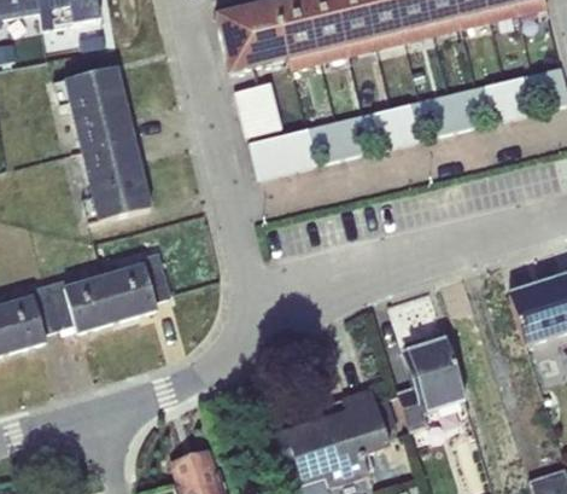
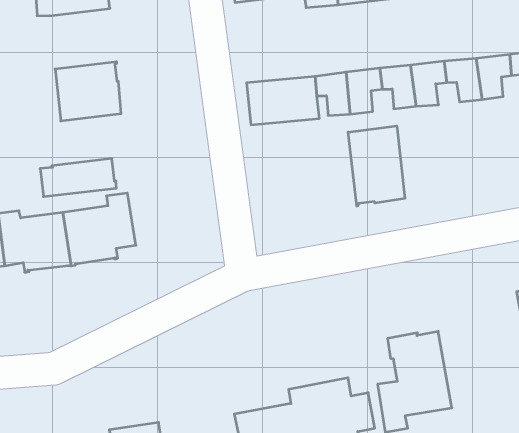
building: [235,81,283,136] -> none
building: [70,92,134,151] -> none
building: none -> [348,126,405,206]
building: [82,182,151,223] -> [40,158,116,197]

